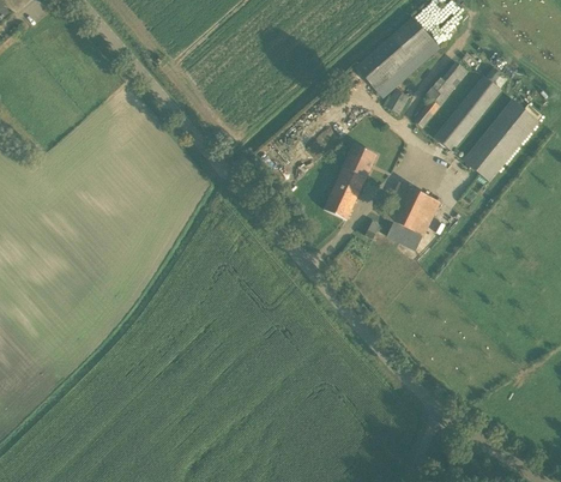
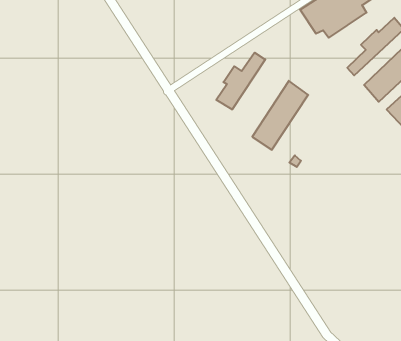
building: none -> [216,53,265,110]
building: [386,188,439,251] -> none

